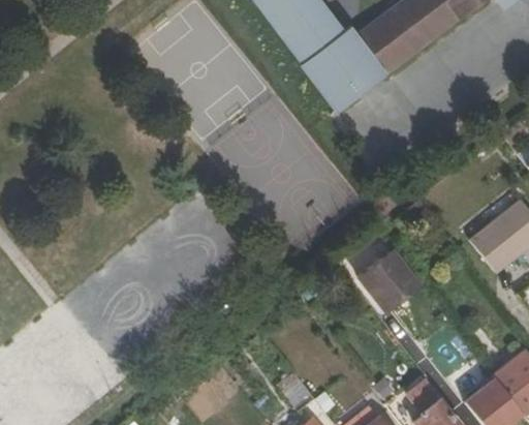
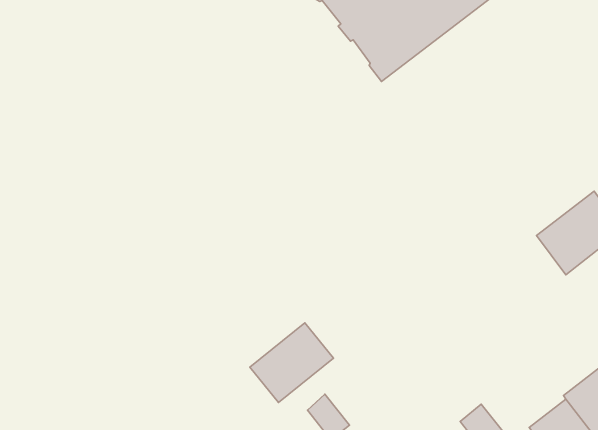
building: [357,249,419,311] -> none
building: none -> [250,323,334,402]

